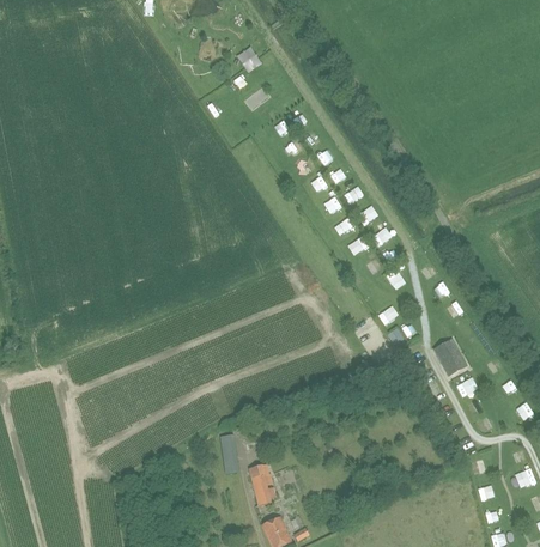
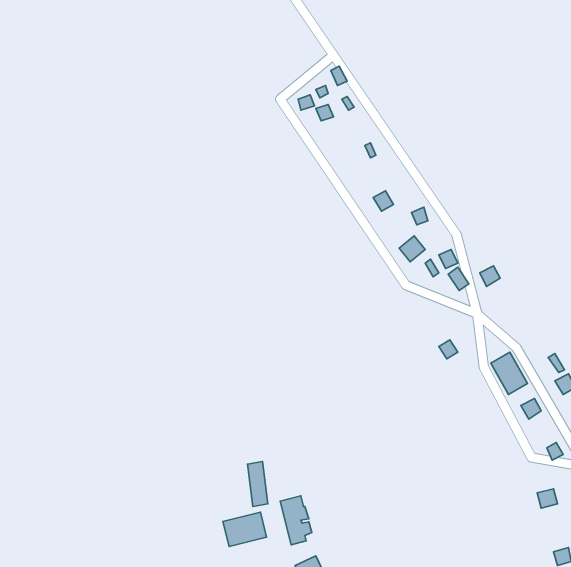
building: none -> [223,512,267,547]

